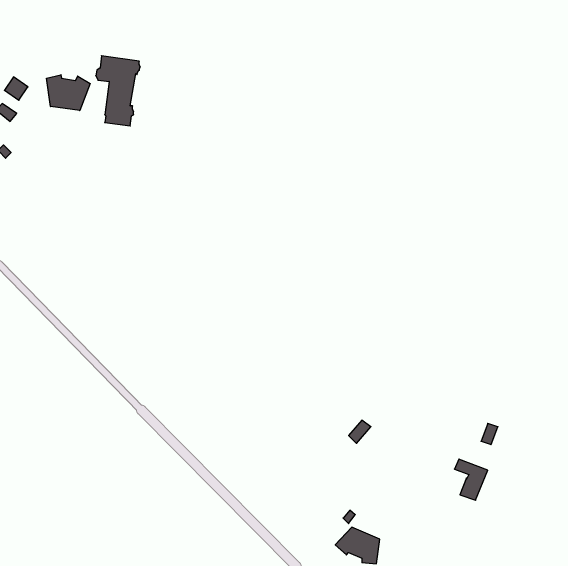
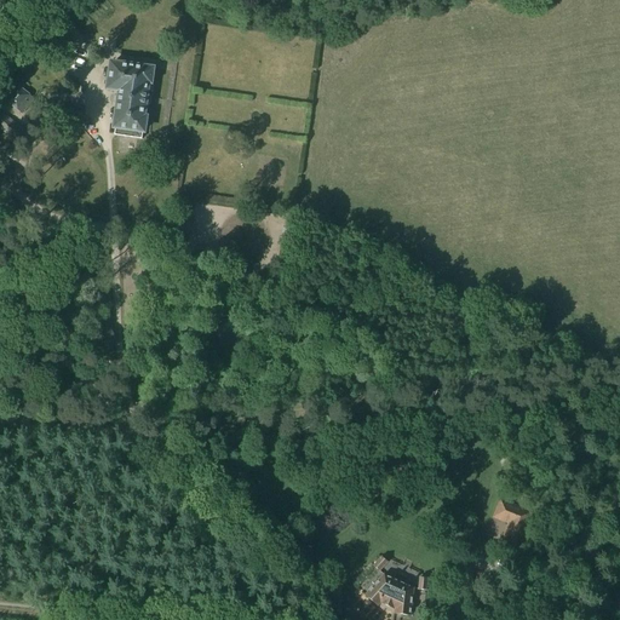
building: [47,75,90,111] -> none

